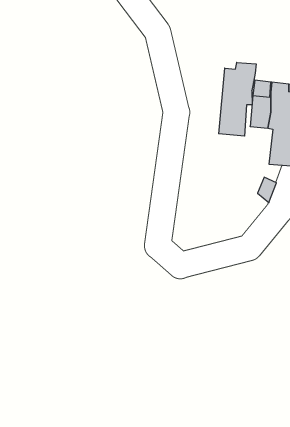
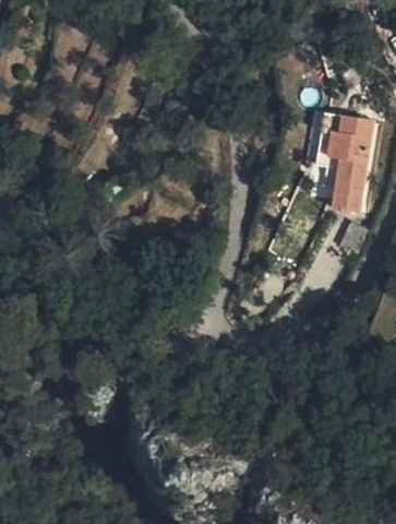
building: [219,62,256,136] -> none

